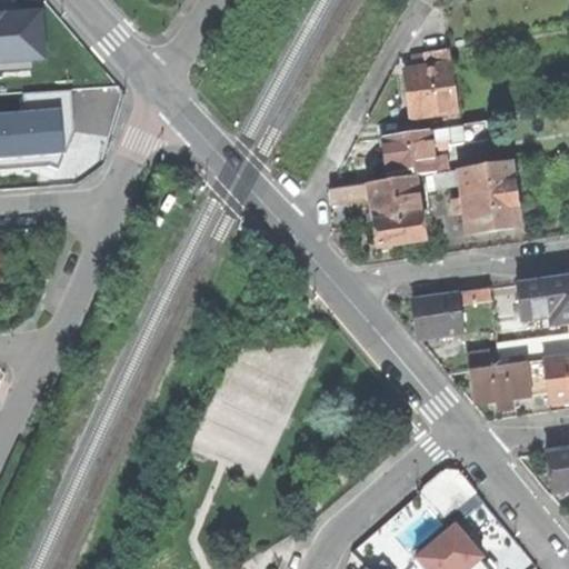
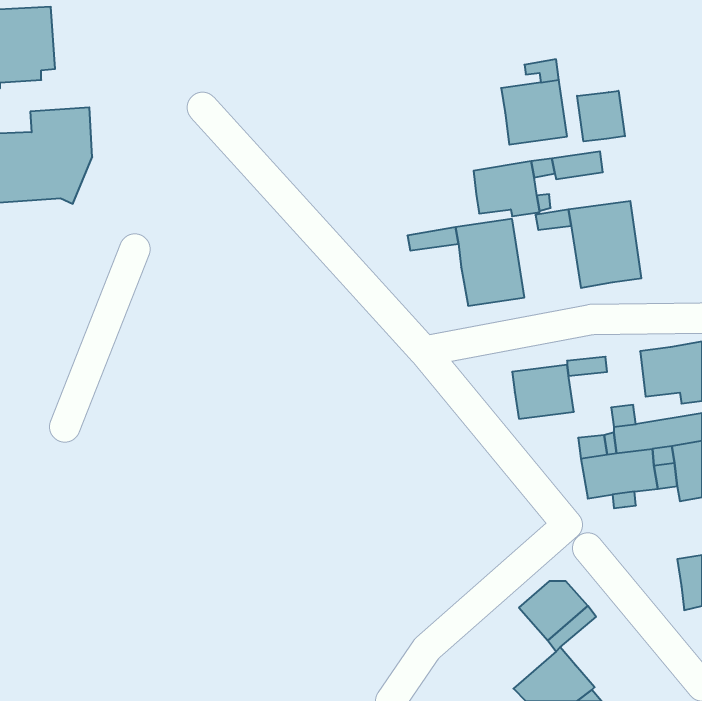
building: none -> [577,91,625,141]

